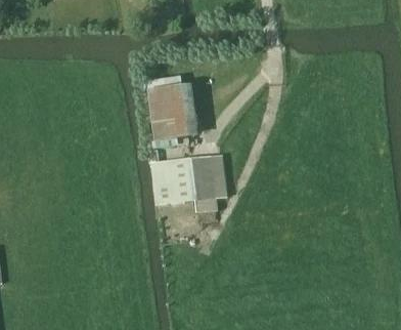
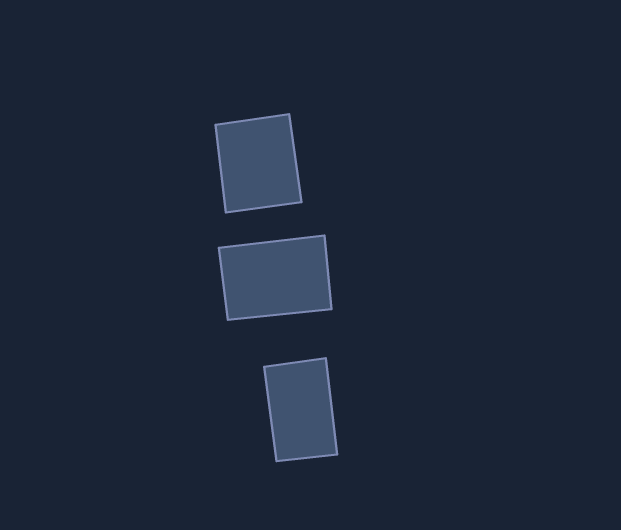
building: none -> [264,358,337,461]

